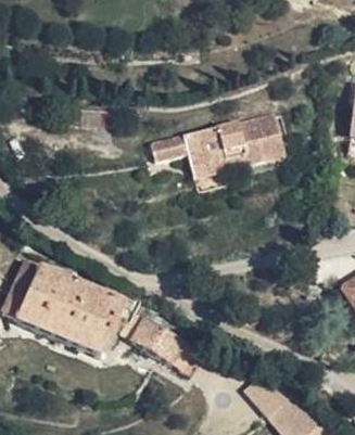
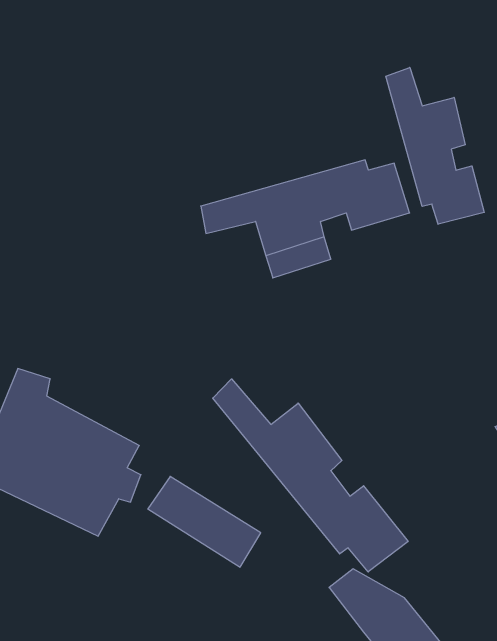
building: none -> [386,67,484,224]
building: none -> [213,379,408,572]

